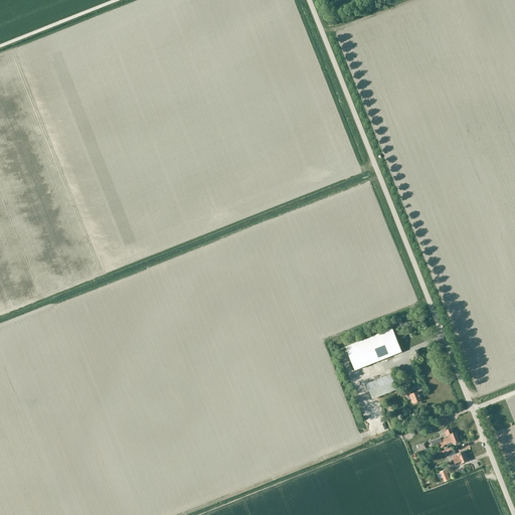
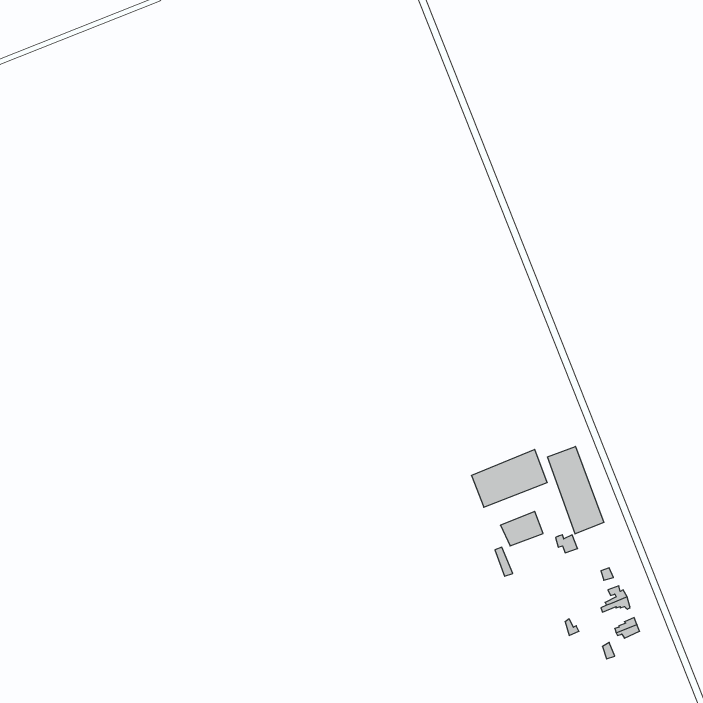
building: none -> [547,446,604,534]

